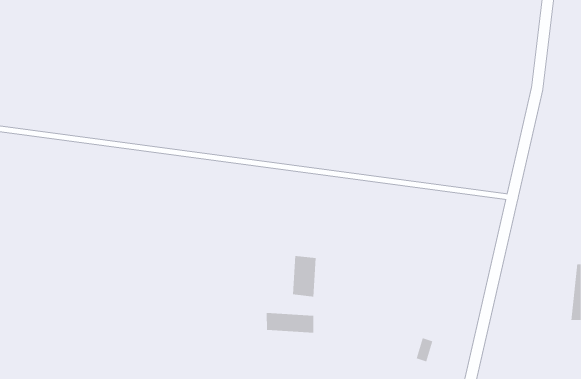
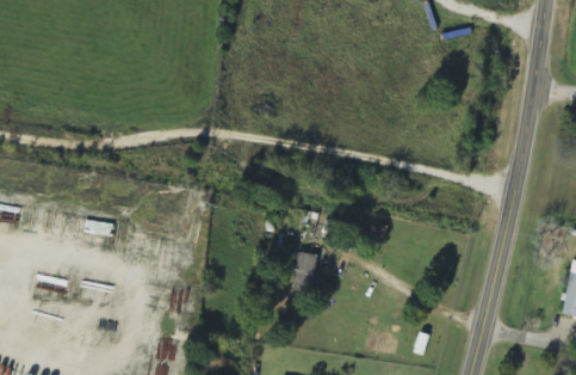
building: [266,312,314,333] -> none

